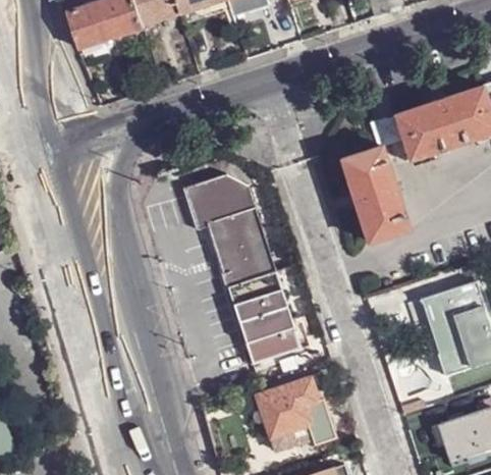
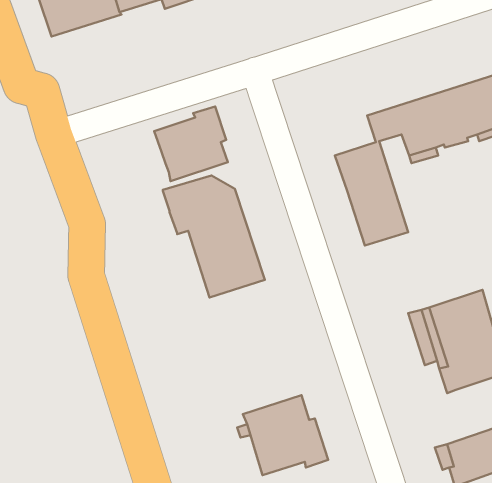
building: none -> [154,106,228,181]
building: [225,271,301,364] -> none

